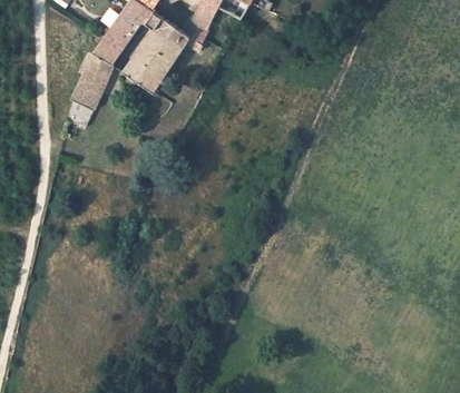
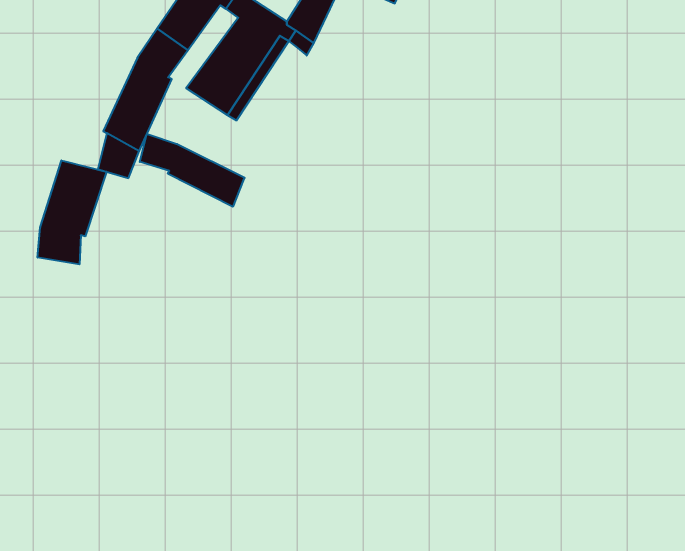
building: none -> [140,134,245,207]
building: none -> [38,160,107,264]

